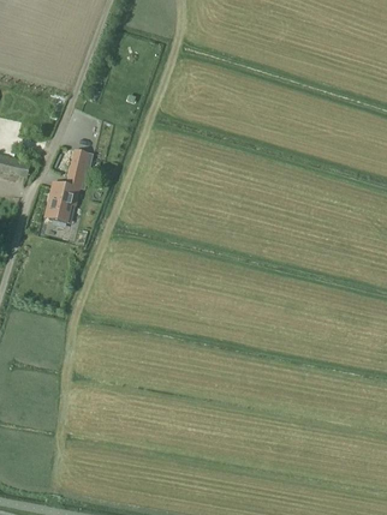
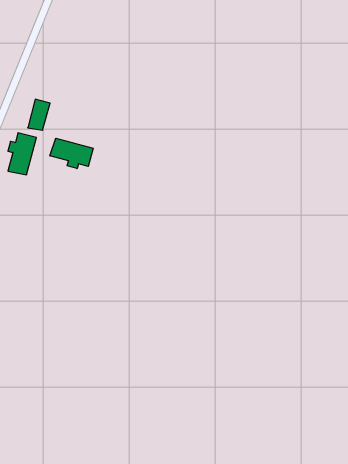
building: none -> [50,138,93,169]

